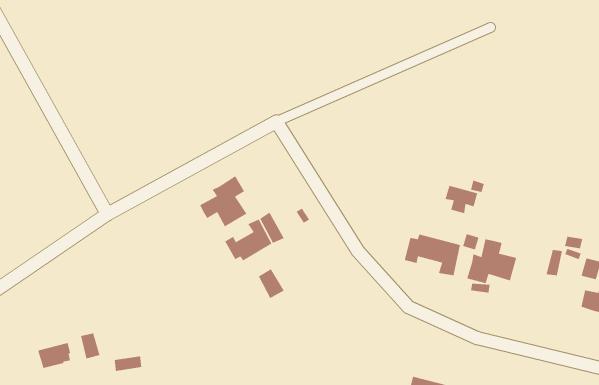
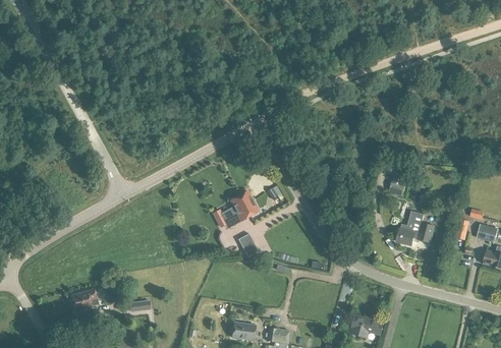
building: [199,175,247,228] -> none
building: [404,233,461,276] -> none

